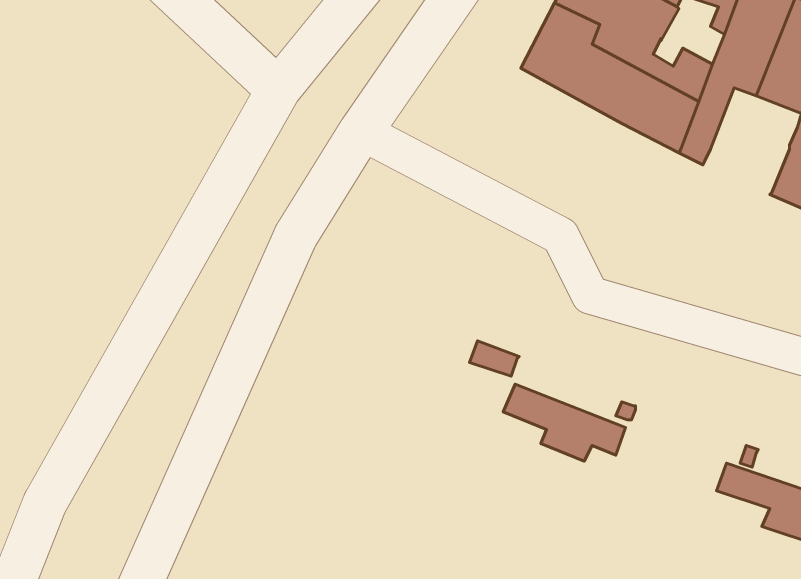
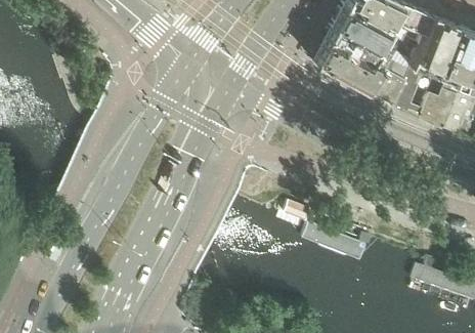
building: none -> [415,89,447,122]

